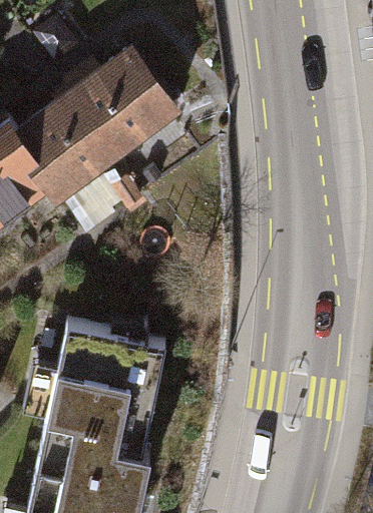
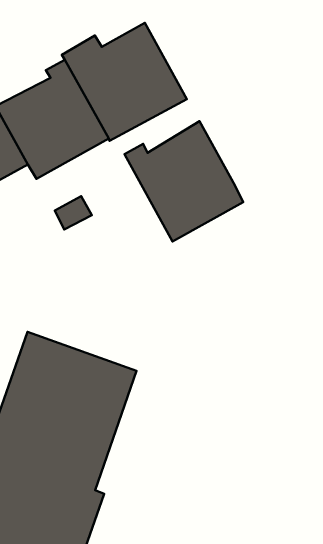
building: none -> [125,121,243,242]

